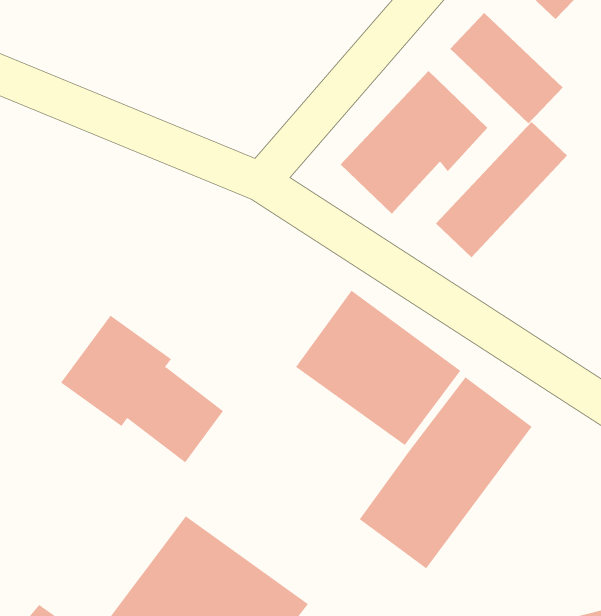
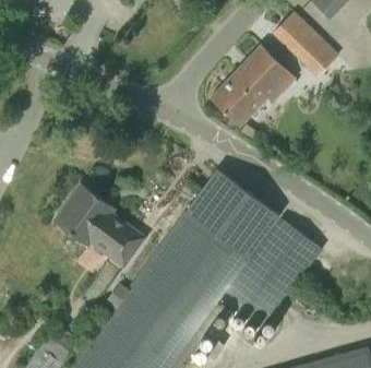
building: [435,121,568,258] -> none
building: none -> [123,213,250,347]

